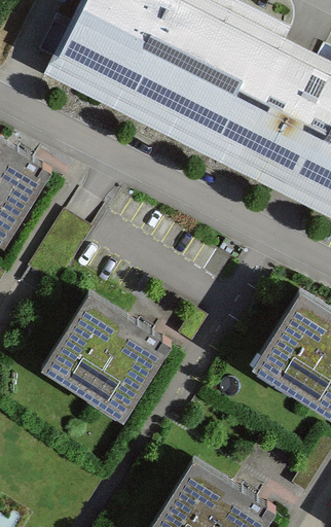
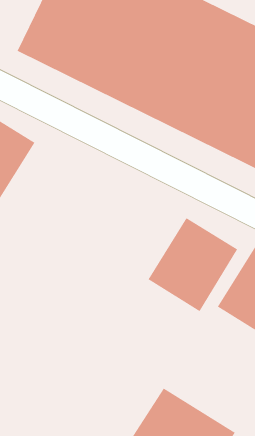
building: none -> [148,217,238,312]
building: [46,292,172,415] -> none

